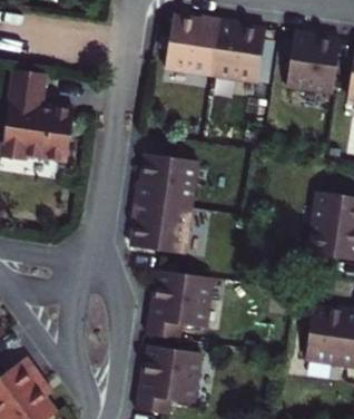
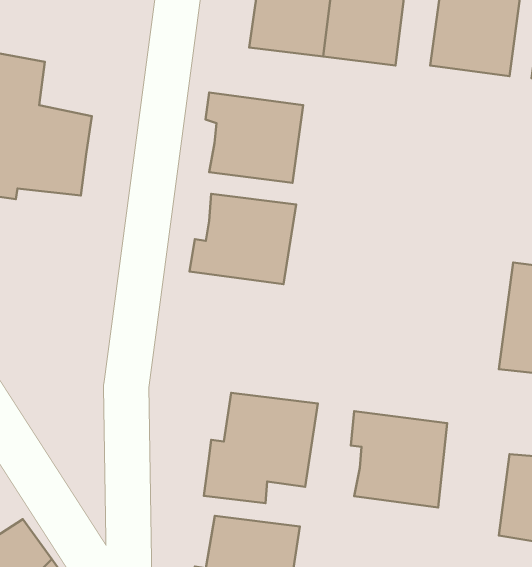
building: [127,203,187,259] -> [206,92,303,183]
building: none -> [351,411,447,507]

